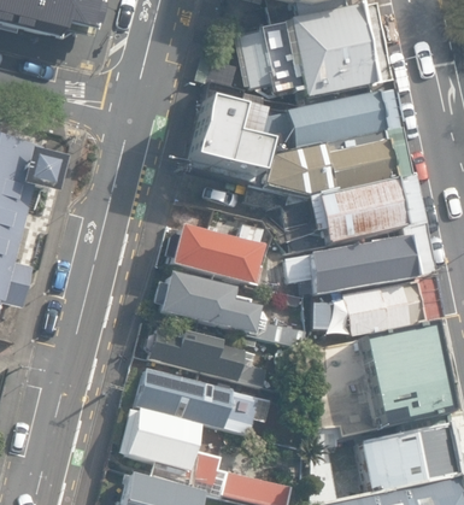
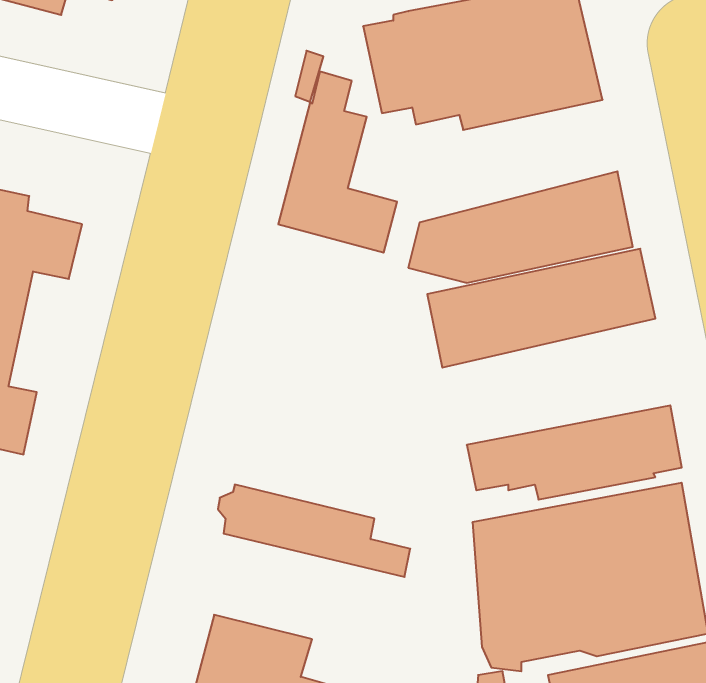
building: [251,88,400,155] -> none
building: [168,221,258,284] -> none
building: [284,224,434,295] -> none
building: [157,272,304,347] -> none
building: [136,369,274,434] -> none

